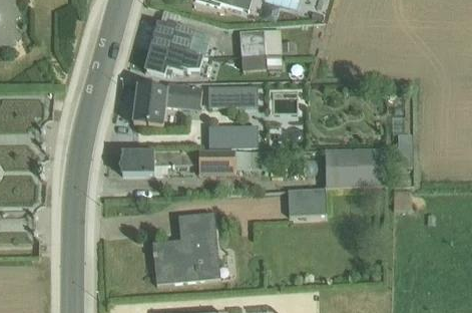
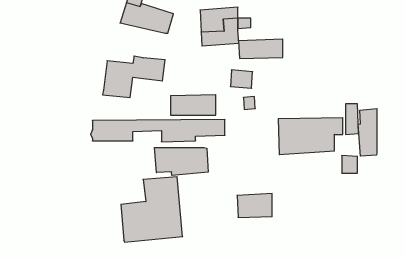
building: [146,45,201,74] -> none
building: [208,85,257,106] -> [239,39,283,58]
building: none -> [358,109,377,156]
building: none -> [154,148,208,175]
building: [288,189,326,215] -> [237,194,272,217]

